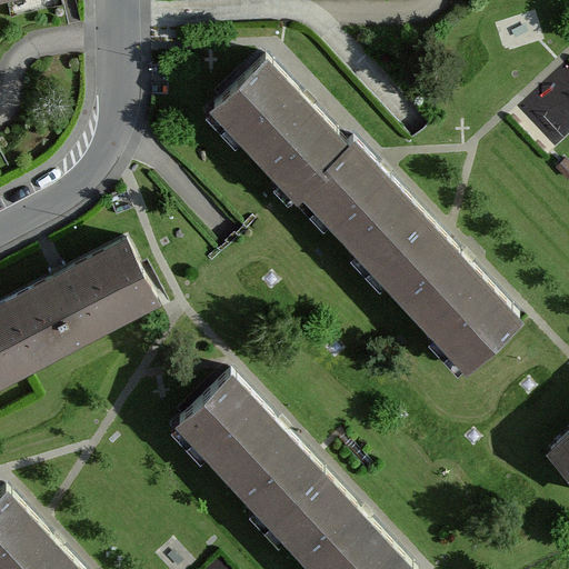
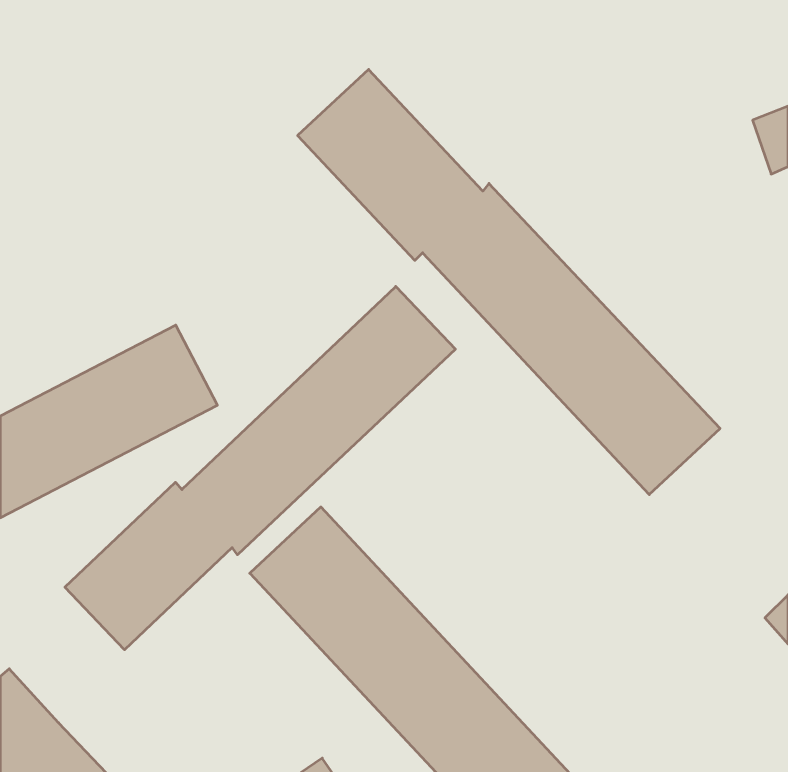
building: none -> [65,286,455,650]

